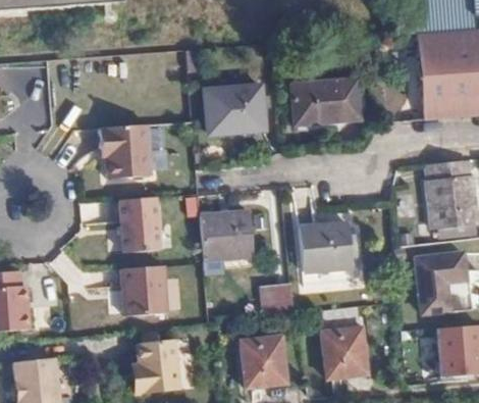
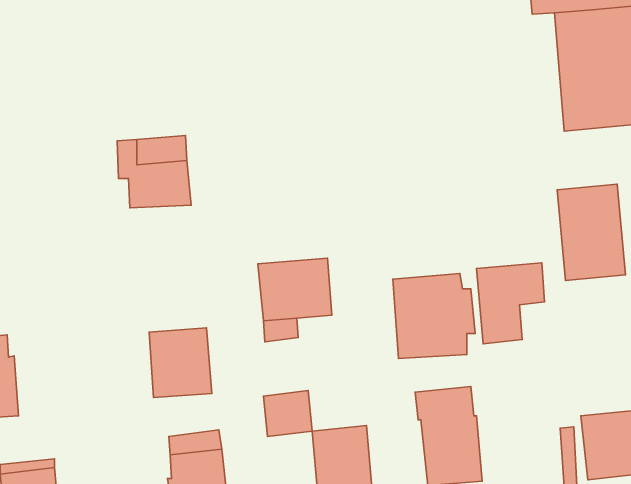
building: [291,78,357,127] -> none
building: [203,86,262,134] -> none
building: [121,196,160,250] -> none
building: [417,252,467,311] -> [476,263,545,344]
building: [261,283,297,316] -> [263,391,312,437]

